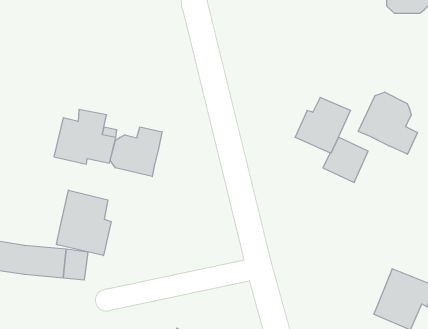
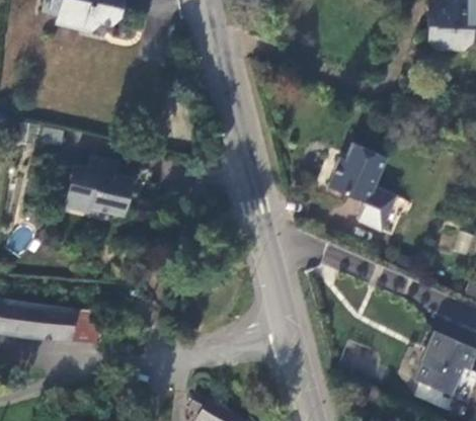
building: [358,92,417,154] -> none
building: [110,127,162,177] -> none
building: [56,190,111,256] -> none

